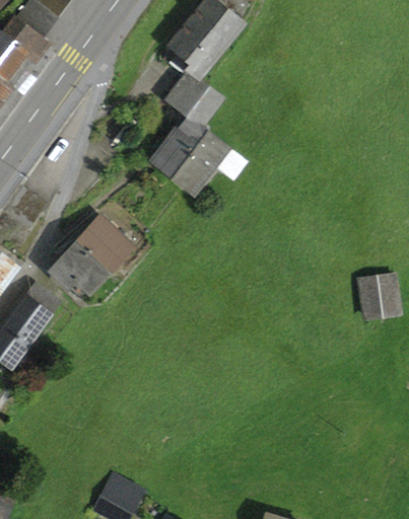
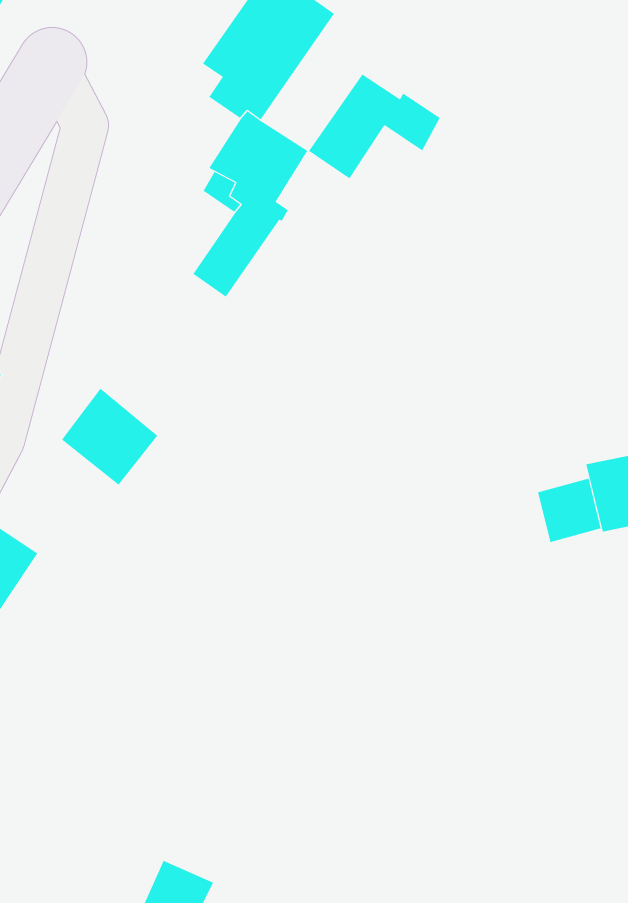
building: [172,133,245,190] -> [308,73,440,179]
building: [50,242,106,297] -> none
building: none -> [538,478,601,543]

